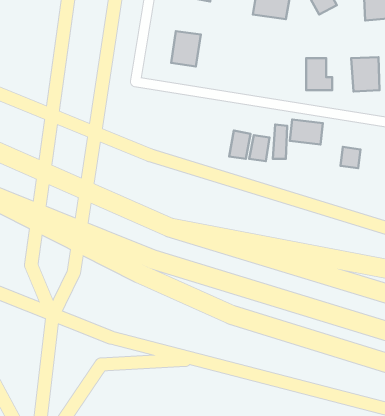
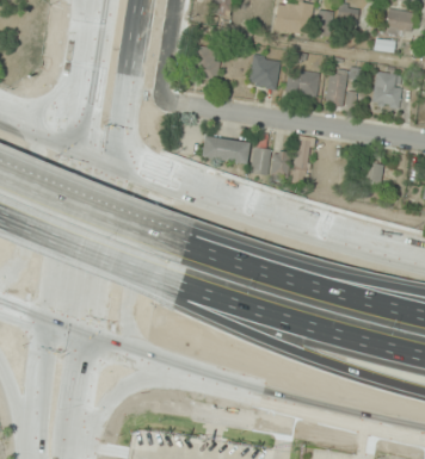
building: none -> [248,55,281,89]
building: [290,120,323,144] -> [285,72,319,97]
building: none -> [202,137,248,161]

